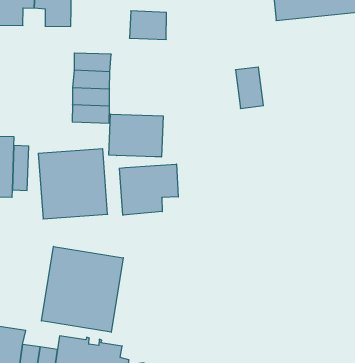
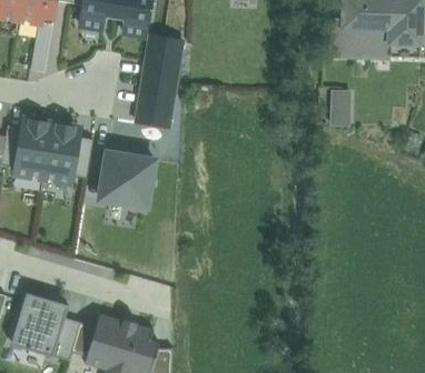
building: [129,11,166,39] -> [146,34,182,64]
building: [235,67,263,109] -> [332,88,353,123]
building: [109,114,163,157] -> none
building: [119,164,178,215] -> none
building: [41,246,123,332] -> none

